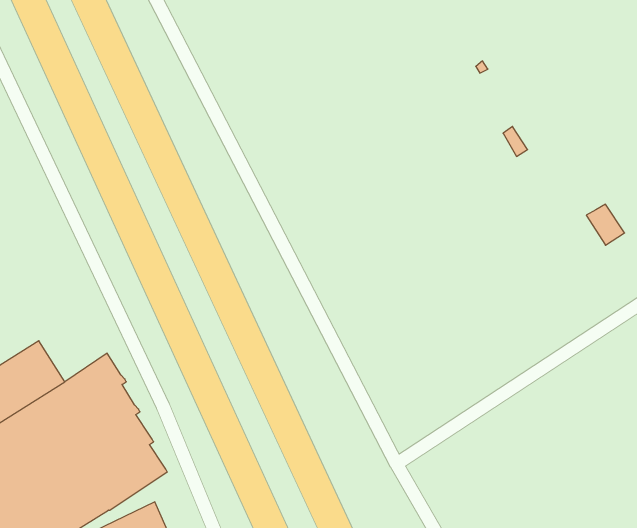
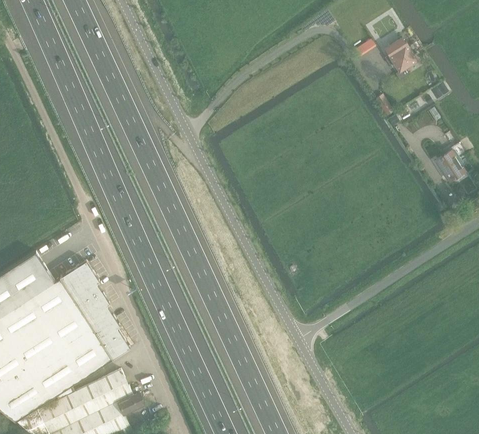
building: none -> [384,39,414,72]

